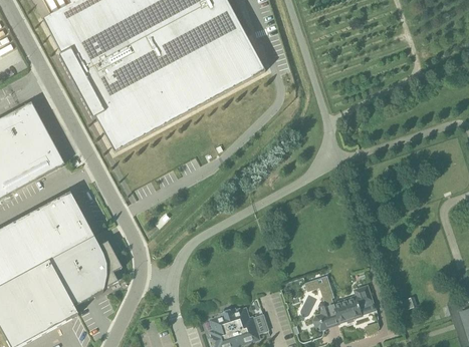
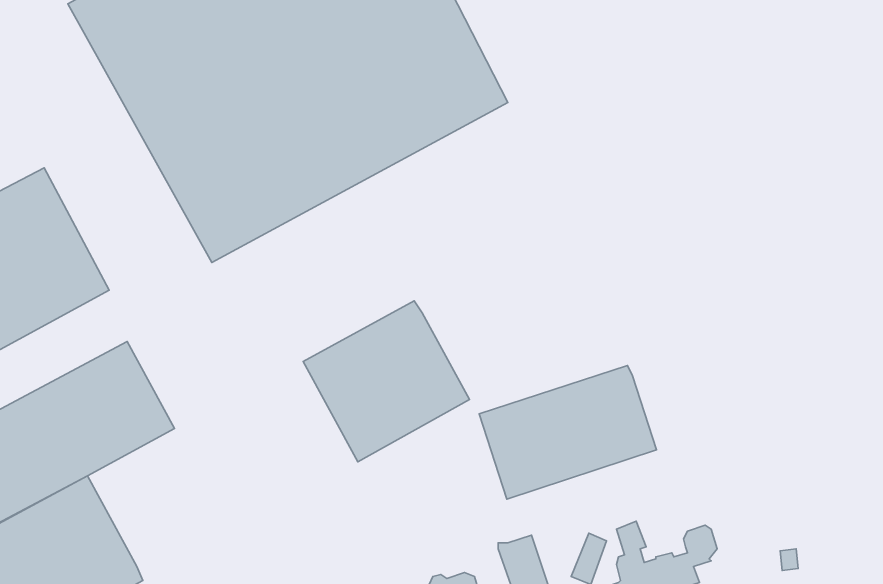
building: none -> [303,301,470,462]
building: none -> [479,366,656,499]
building: [49,236,122,306] -> none

